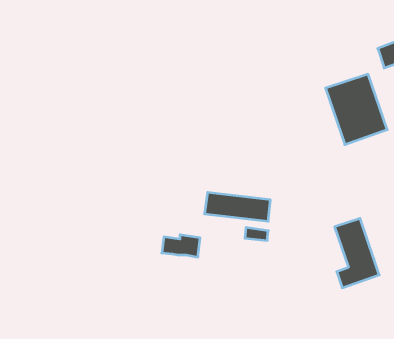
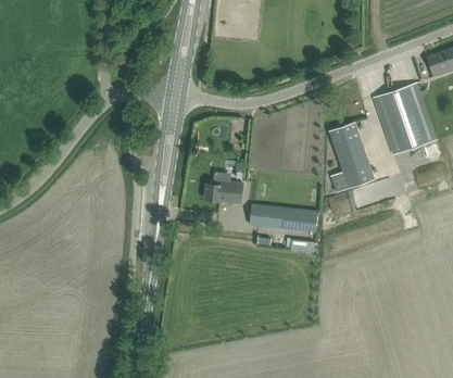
building: [335,218,379,288] -> [328,122,374,192]
building: [162,235,200,257] -> [203,180,242,203]

